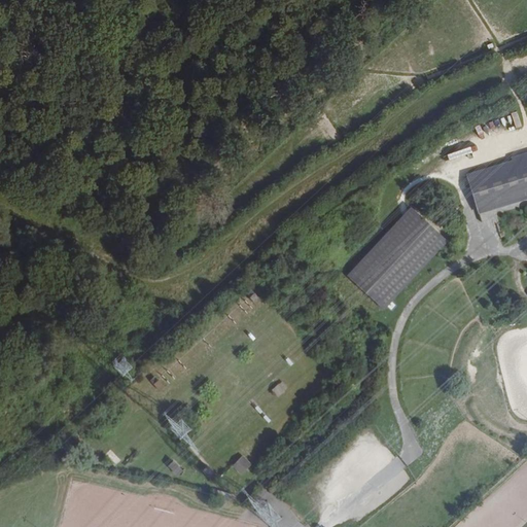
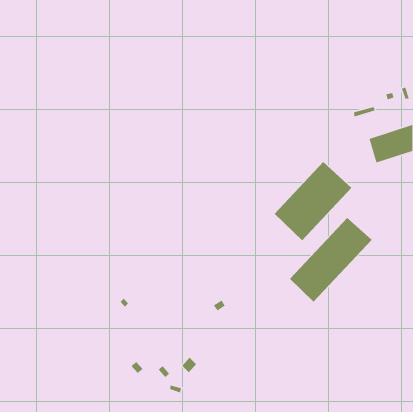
building: none -> [289,217,373,303]

